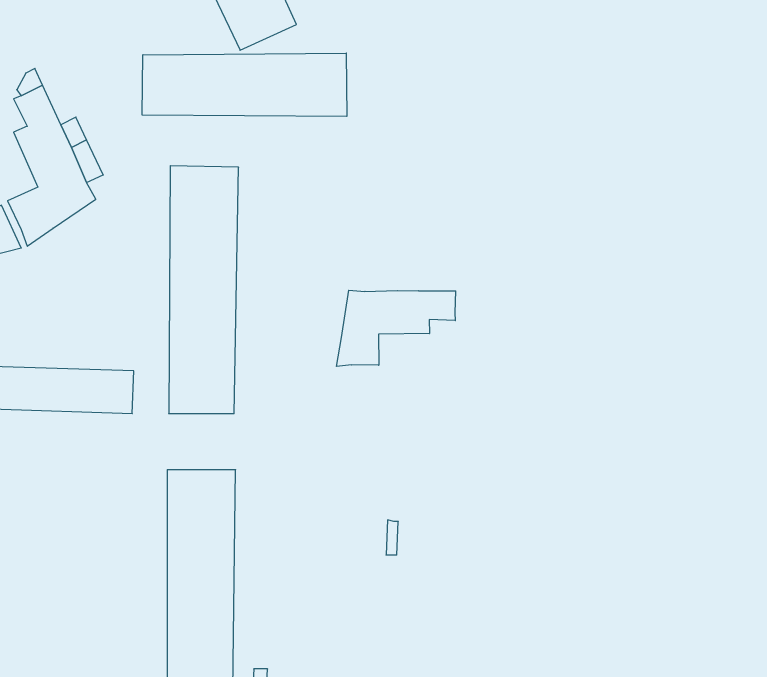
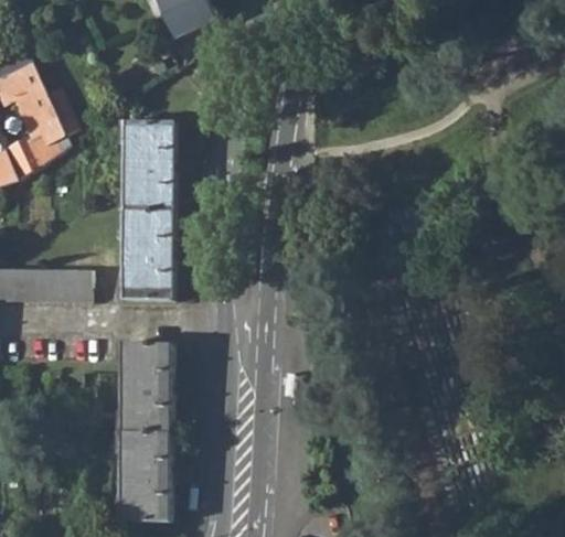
building: [142,53,347,116] -> none
building: [336,290,456,366] -> none

